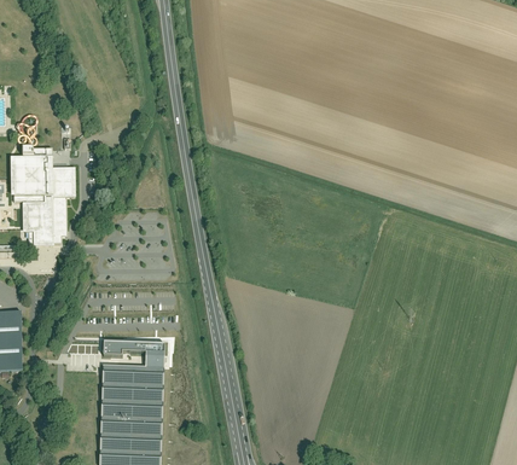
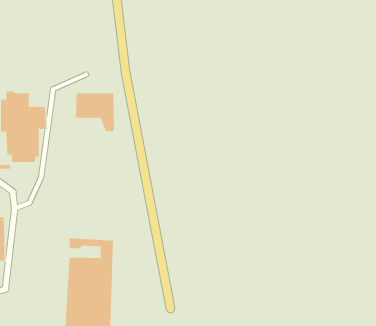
building: none -> [76,93,115,132]

